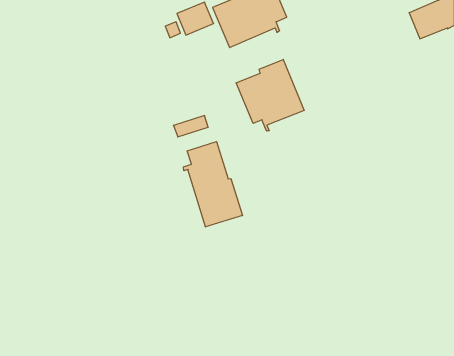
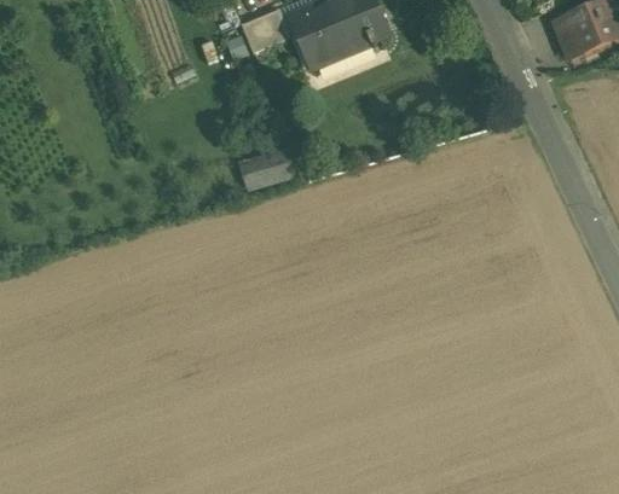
building: [236,59,304,131] -> none
building: [183,142,242,227] -> none

